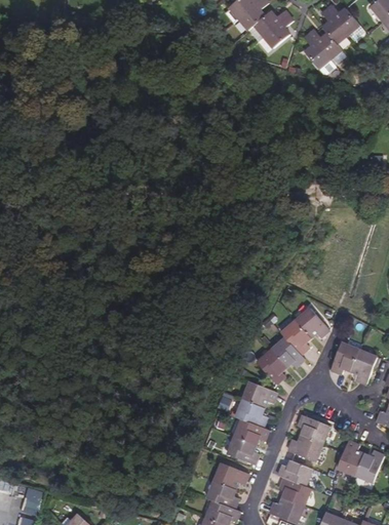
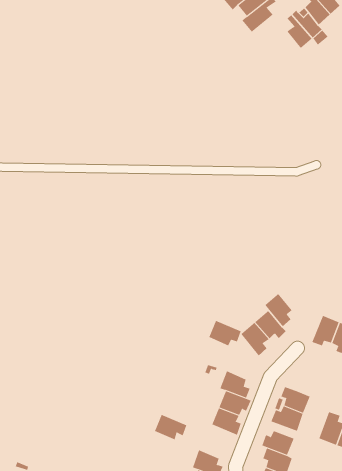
building: [296,308,328,337] -> none
building: [242,381,276,408] -> [208,320,242,346]
building: [213,462,247,489] -> [154,414,187,440]

